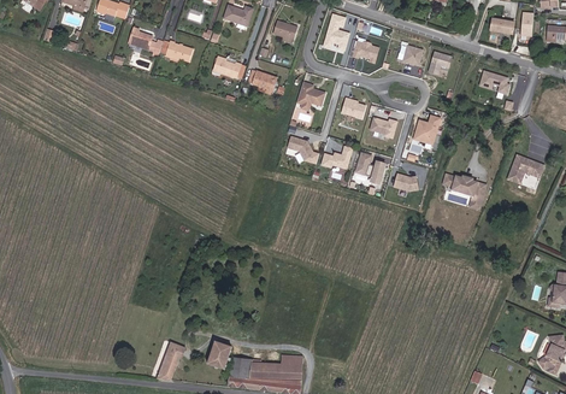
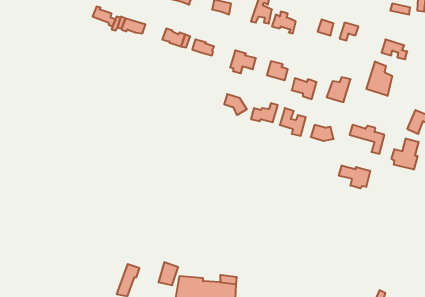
building: none -> [366,61,392,96]
building: none -> [392,138,419,170]
building: none -> [339,165,370,188]

